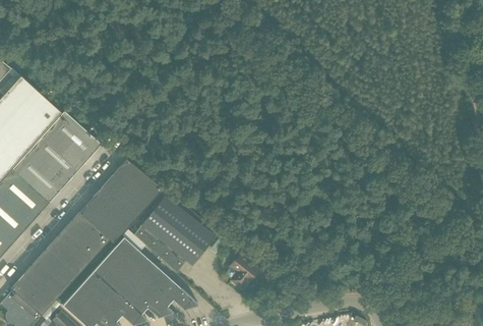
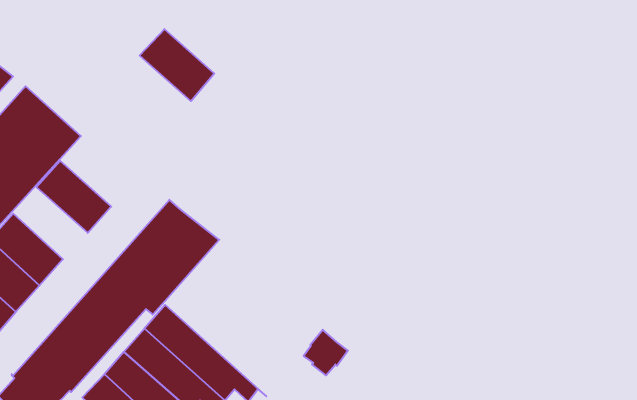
building: [46,111,101,164] -> [140,29,214,101]
building: [11,150,66,203] -> none
building: [134,196,215,272] -> none

